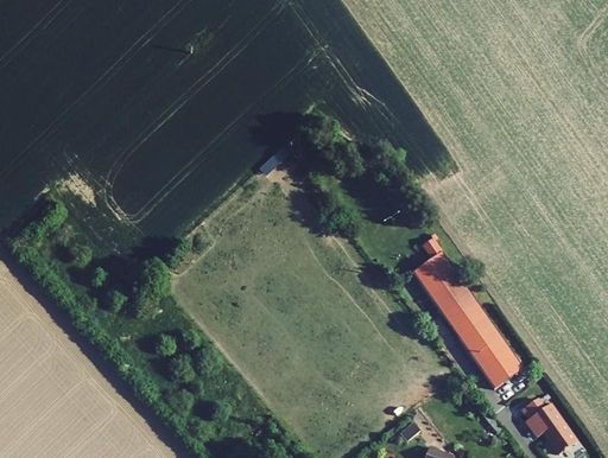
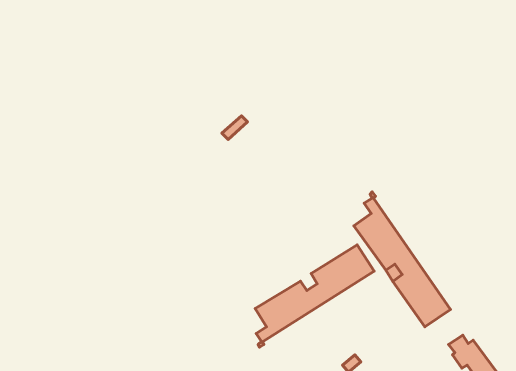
building: none -> [255,245,374,347]

